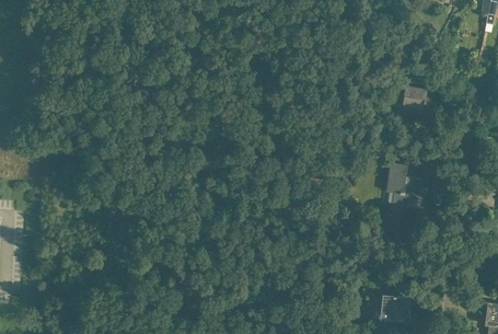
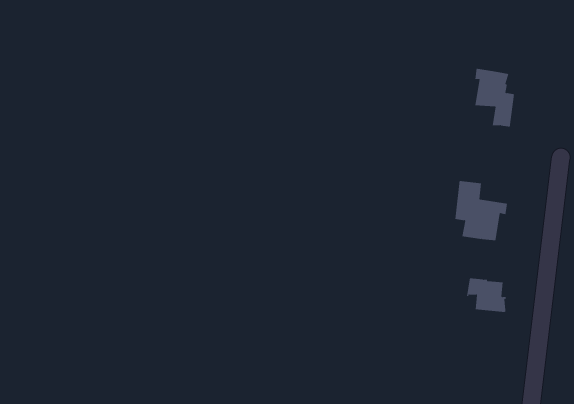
building: [381,295,412,322] -> [466,278,507,314]

